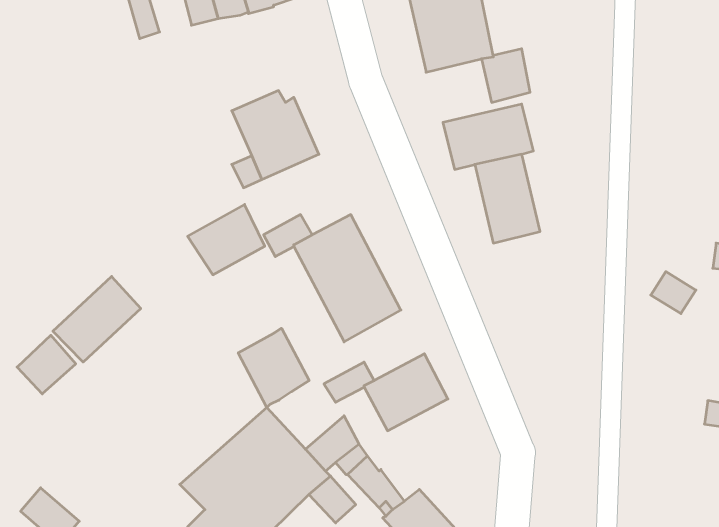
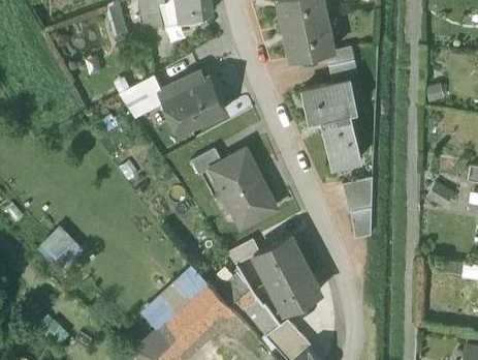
building: [188,204,265,275] -> [119,76,166,119]
building: none -> [342,179,372,240]
building: [53,276,141,362] -> none
building: [238,328,309,407] -> none
building: none -> [267,264,320,312]

